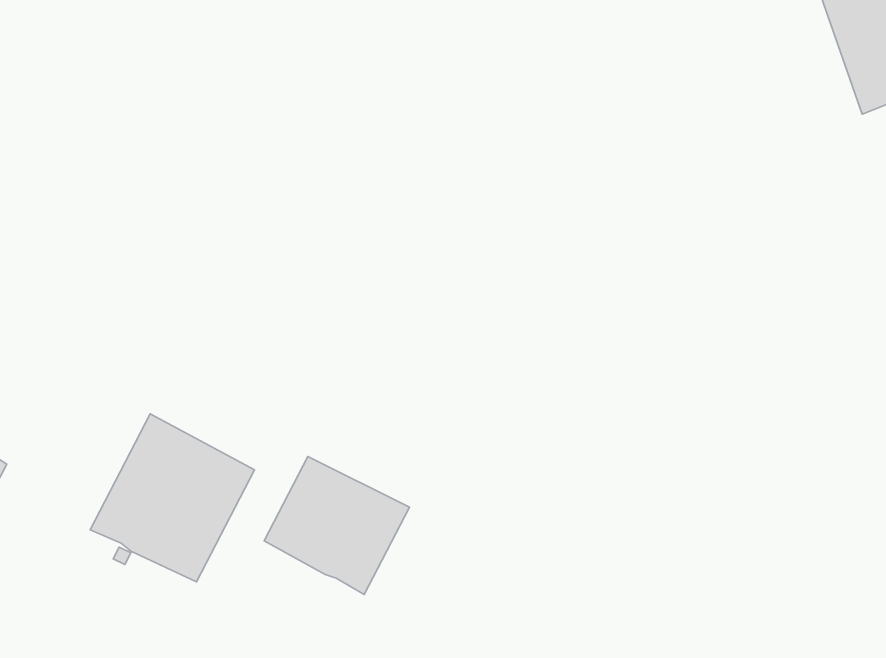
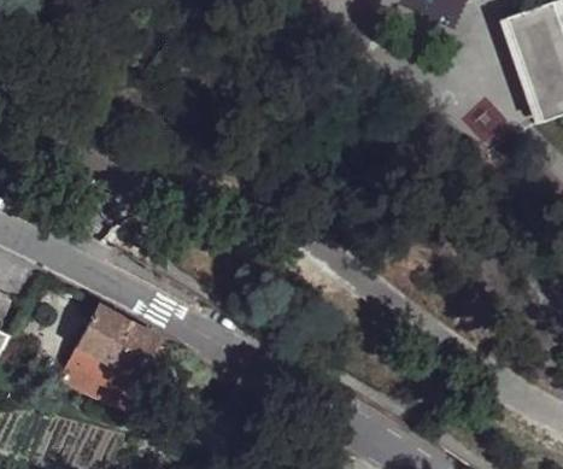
building: [264,456,410,595] -> none

